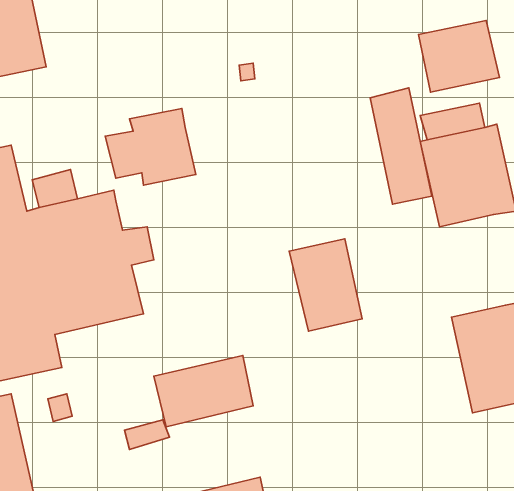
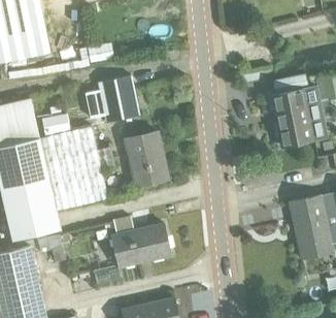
building: [419,21,500,92] -> none
building: [370,88,432,204] -> none
building: [289,239,362,331] -> [125,132,168,187]

